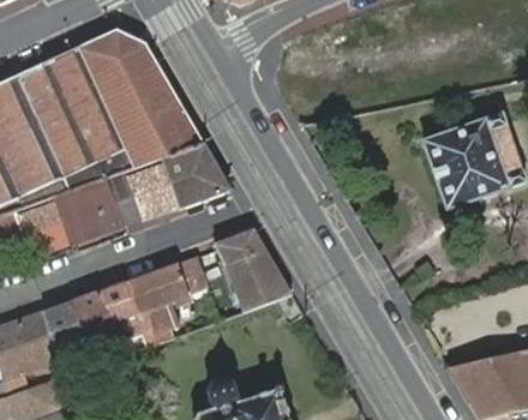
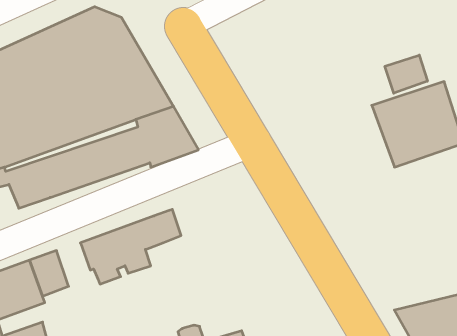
building: none -> [385,55,427,93]
building: [212,228,294,310] -> none
building: [73,290,119,342] -> none

